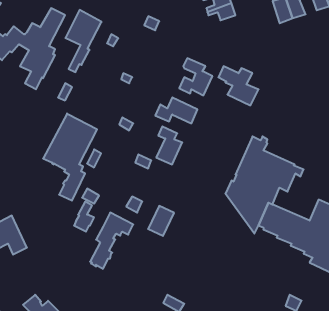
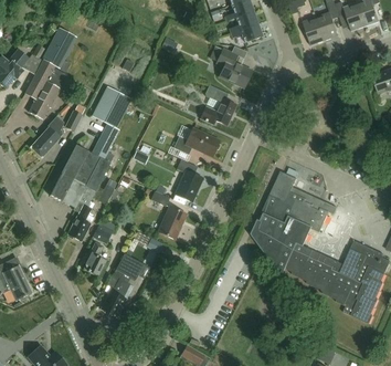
building: [65,10,102,72] -> [92,85,131,154]
building: [218,66,259,105] -> [209,44,253,87]
building: none -> [30,116,64,157]
building: [148,206,174,236] -> [158,206,187,239]

